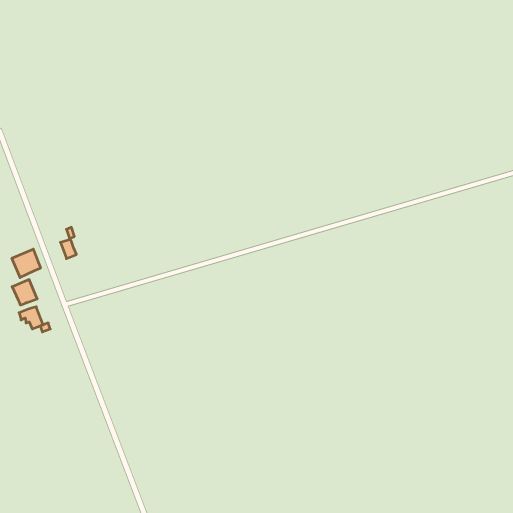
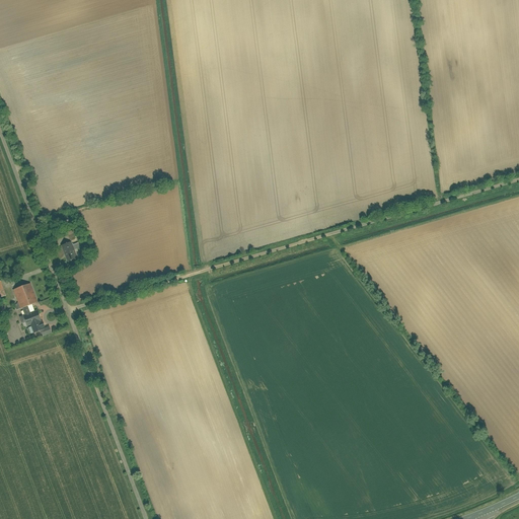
building: [12,249,41,278] -> none

